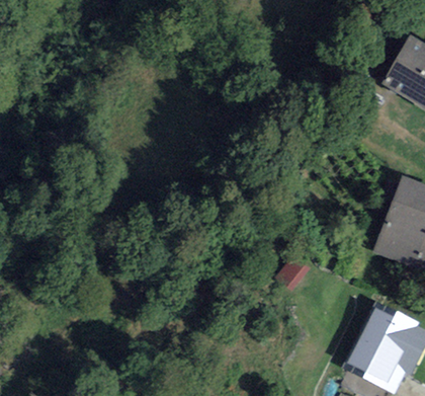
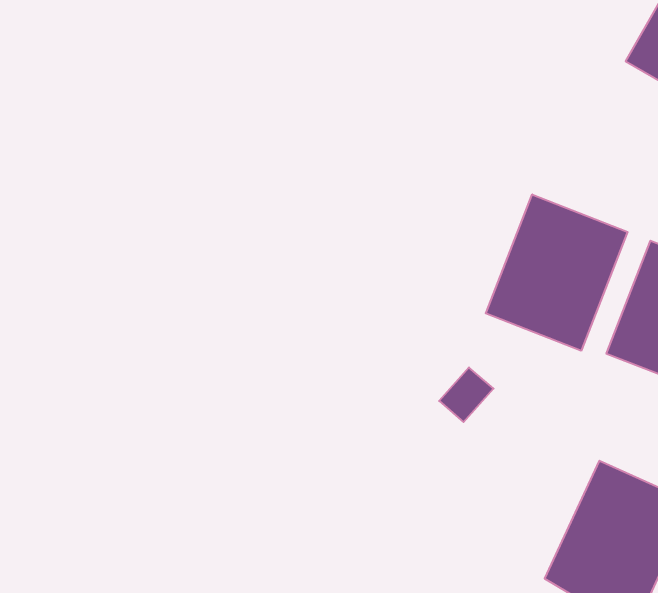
building: none -> [486,194,628,351]

